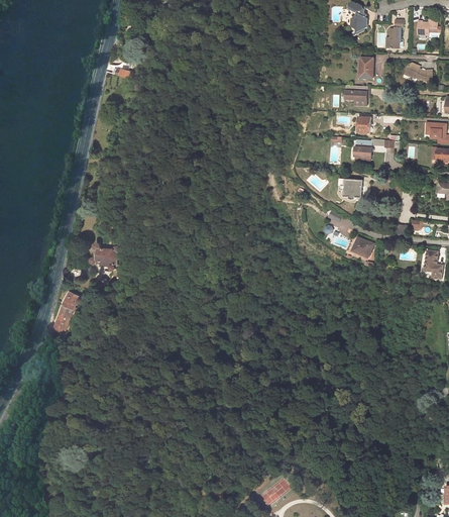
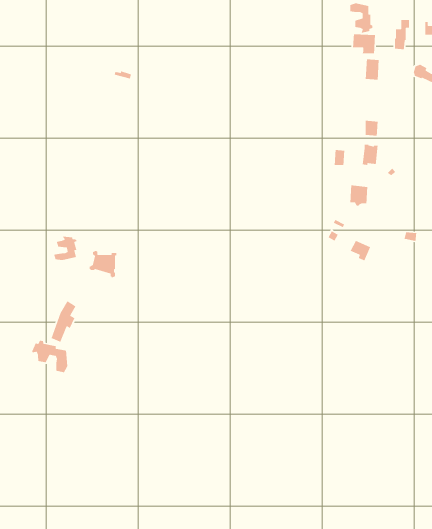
building: [347,85,370,105] -> [352,34,376,54]
building: none -> [53,236,77,261]
building: none -> [31,340,68,373]

